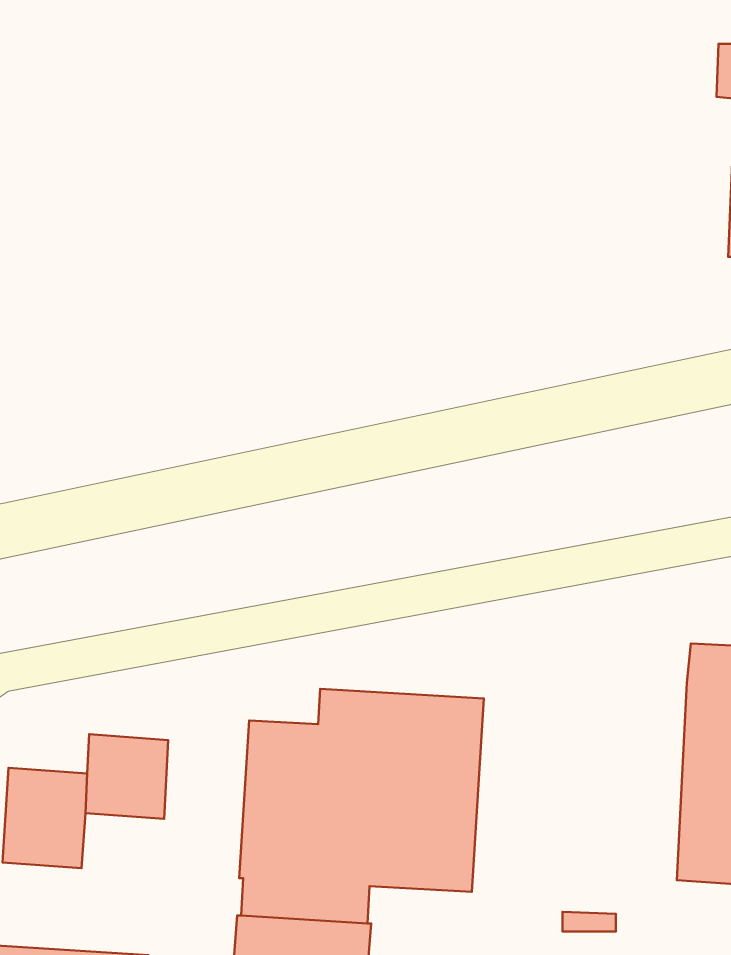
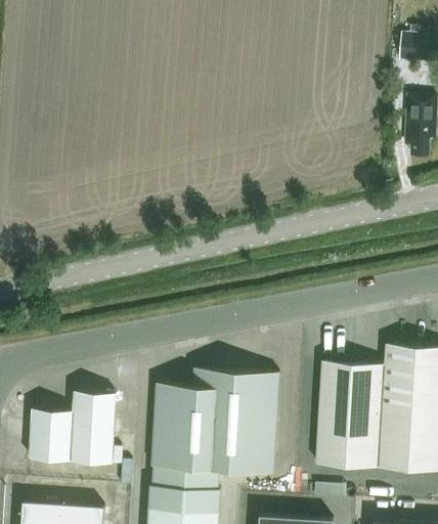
building: none -> [315,362,384,469]
building: none -> [70,434,113,466]

